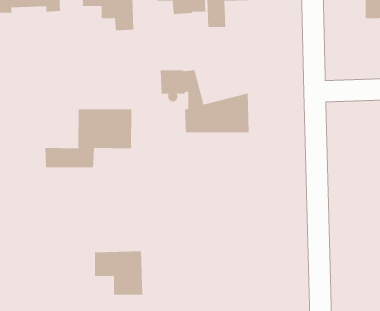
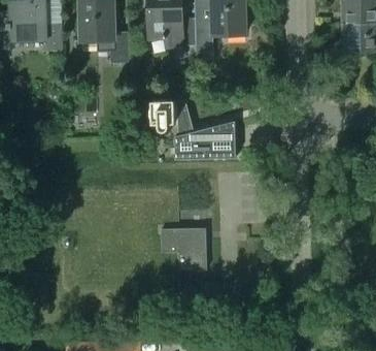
building: [45,109,132,168] -> none
building: [94,251,143,295] -> [160,228,205,269]

